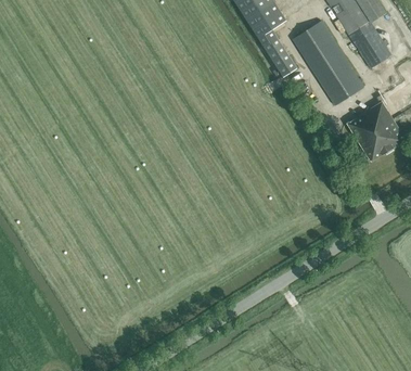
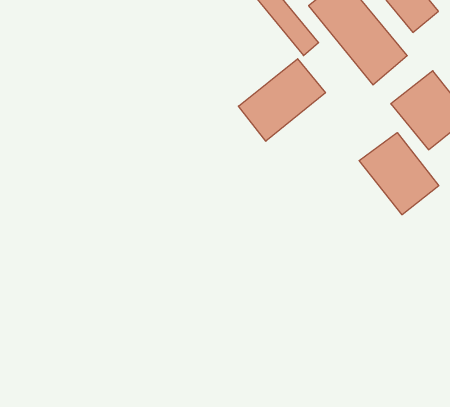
building: none -> [238,59,325,141]
building: none -> [359,133,439,215]

